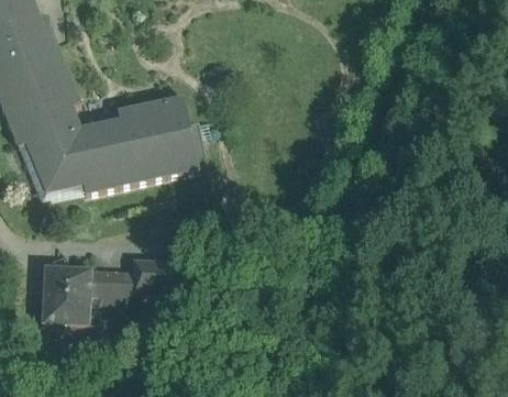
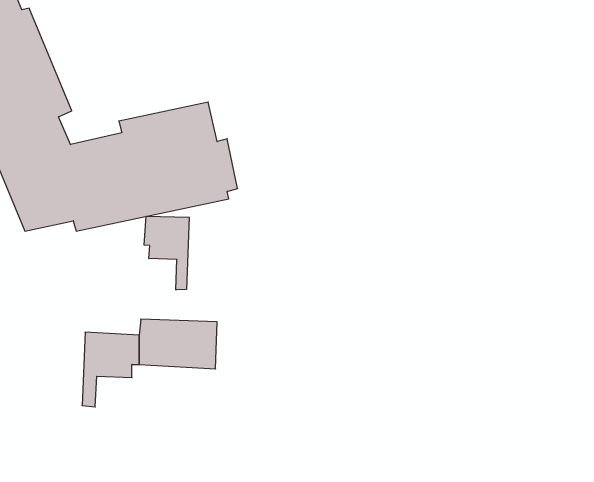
building: none -> [144,216,189,290]
building: [42,266,91,324] -> none

